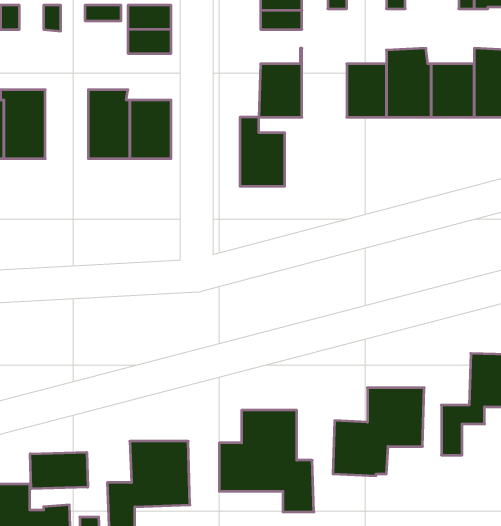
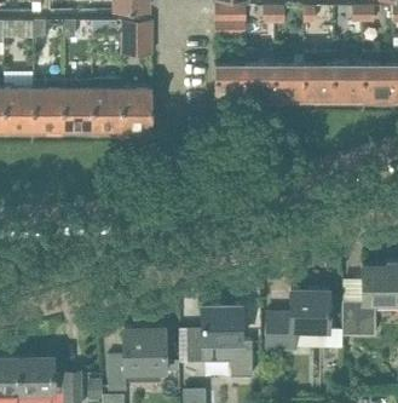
building: none -> [64,81,94,129]
building: [240,117,285,186] -> [244,52,276,100]
building: [30,452,88,489] -> none

